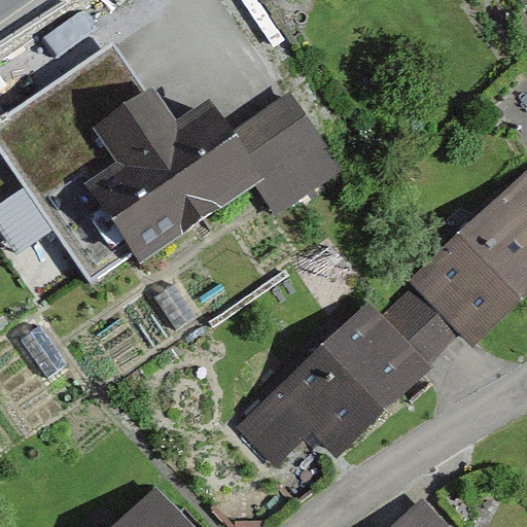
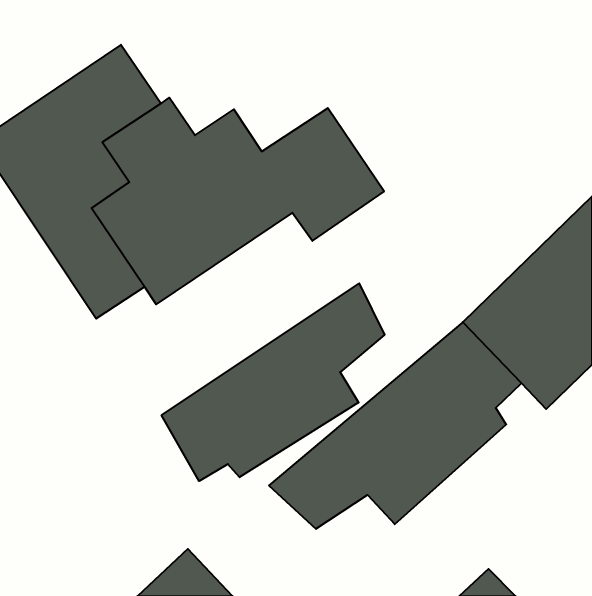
building: none -> [162,283,385,481]

